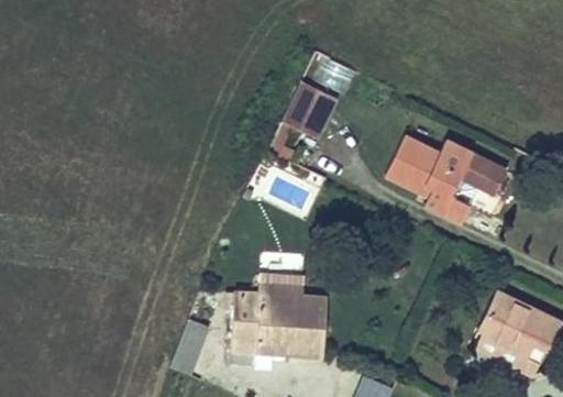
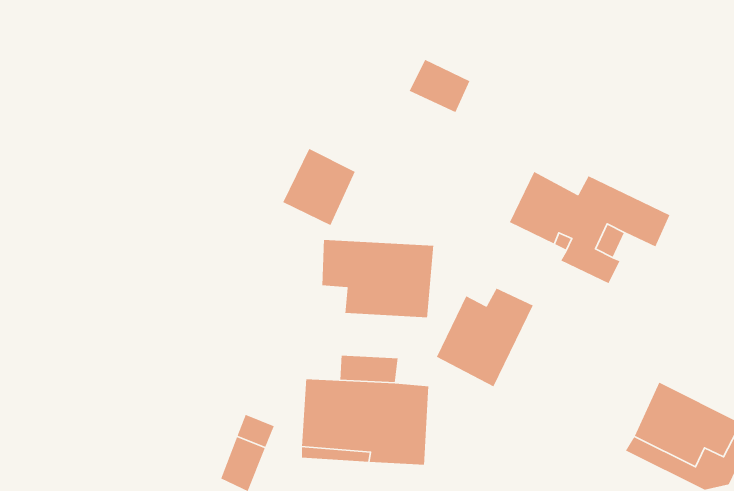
building: [282,80,336,139] -> [282,148,356,226]
building: none -> [322,239,434,318]
building: none -> [436,287,534,388]

